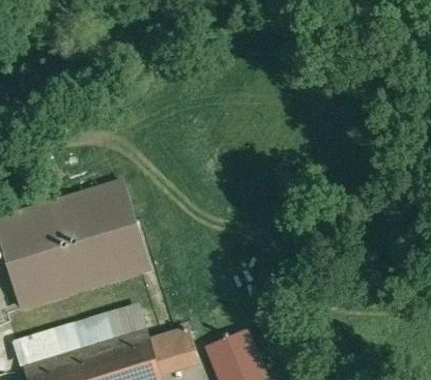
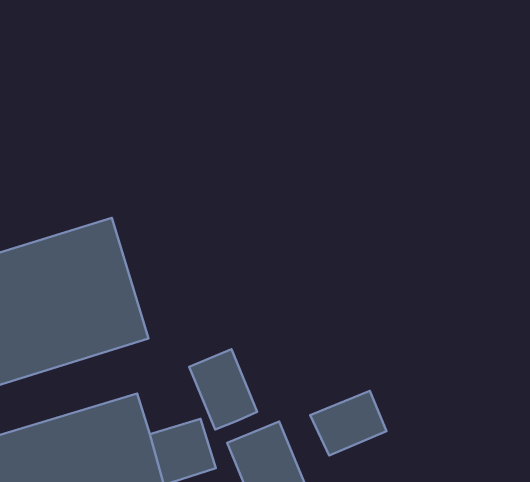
building: none -> [189,349,257,430]
building: none -> [310,391,386,455]

